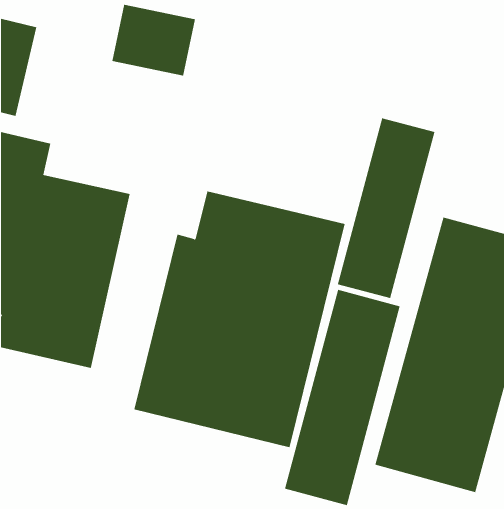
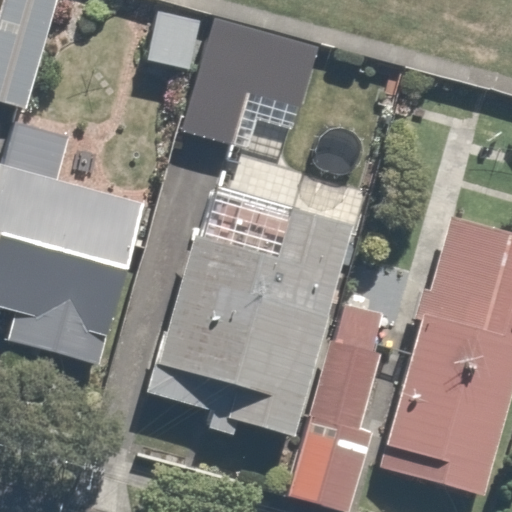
building: none -> [184,21,316,142]
building: [337,118,435,299] -> none

